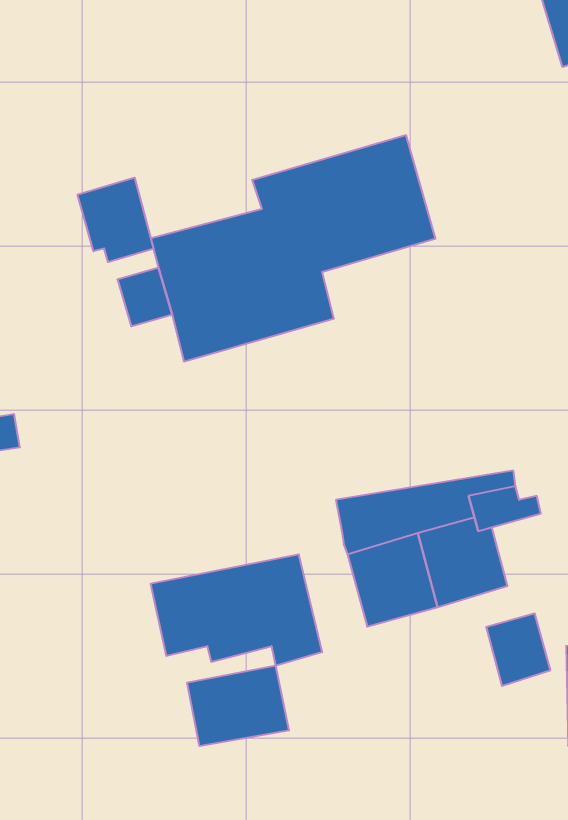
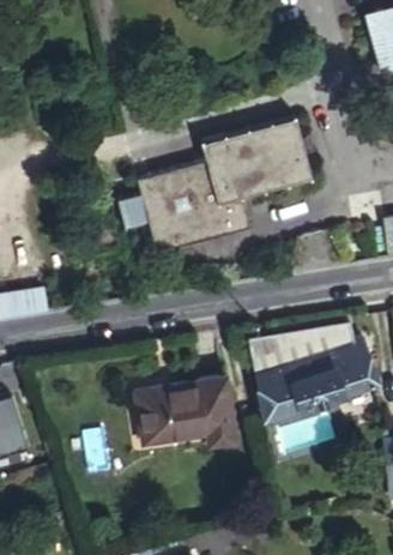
building: [78,178,153,262] -> none
building: [486,614,550,686] -> [340,351,380,396]
building: [187,666,289,746] -> none

